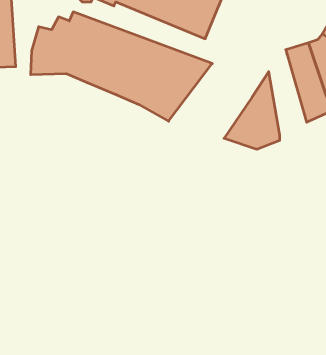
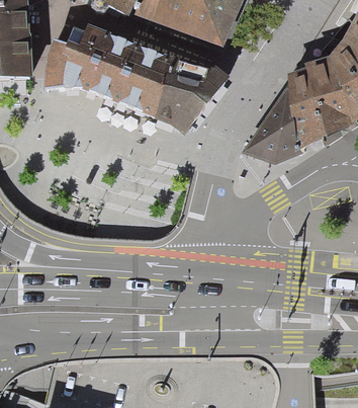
building: none -> [287,65,326,148]

